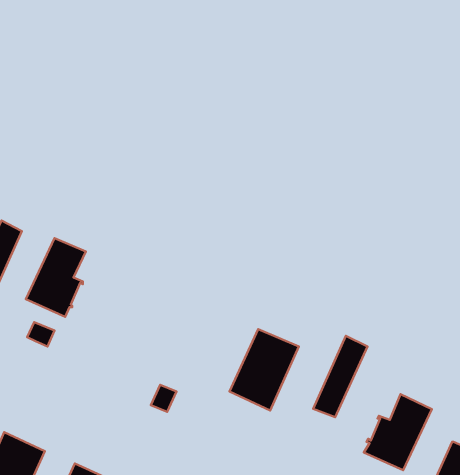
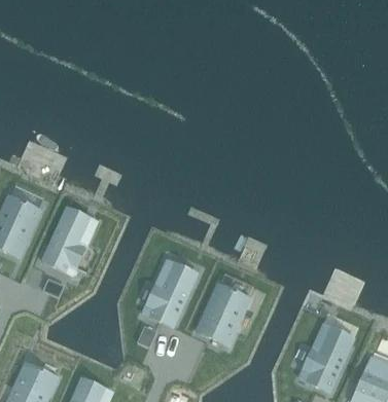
building: none -> [142,267,193,325]
building: [313,336,367,417] -> none

